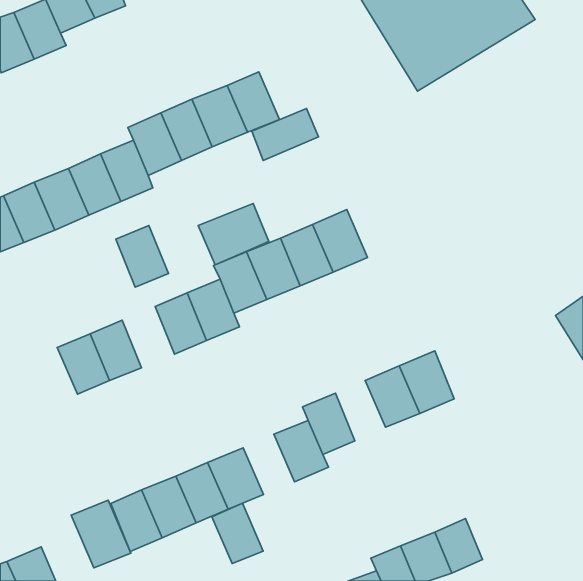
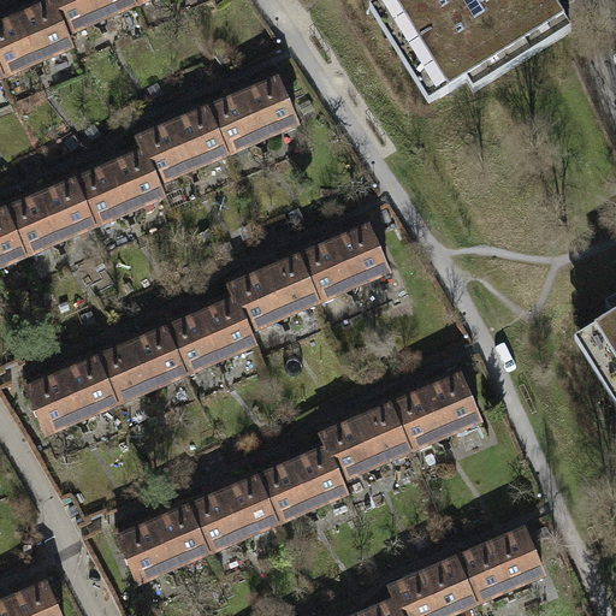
building: [252,108,319,160] -> none
building: [198,204,269,265] -> none
building: [116,226,168,287] -> [129,324,184,389]
building: none -> [26,367,82,431]
building: none -> [354,402,407,466]
building: [71,500,131,568] -> none
building: [212,503,263,564] -> [256,458,310,522]
building: none -> [491,534,543,591]

